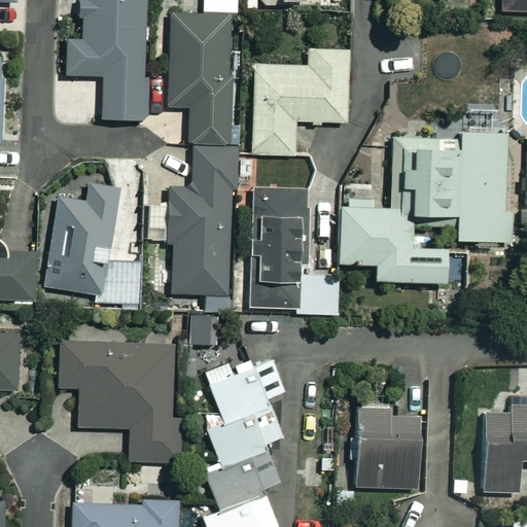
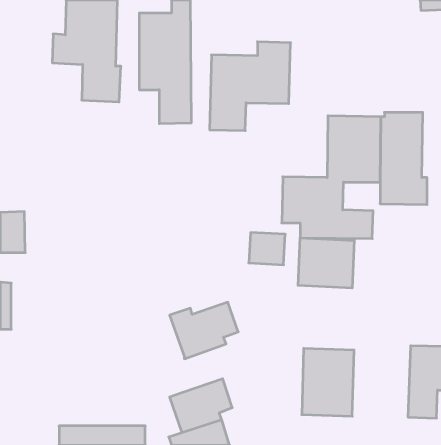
building: [150,145,236,312] -> none
building: [46,185,143,305] -> none
building: [251,189,306,309] -> none
building: none -> [298,238,354,288]
building: [60,343,175,461] -> none
building: [207,407,282,464] -> none

